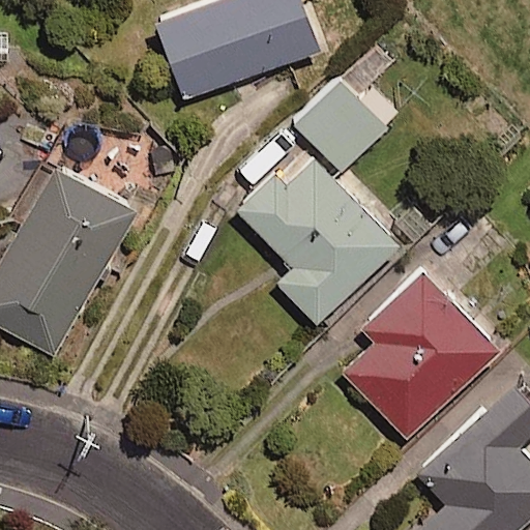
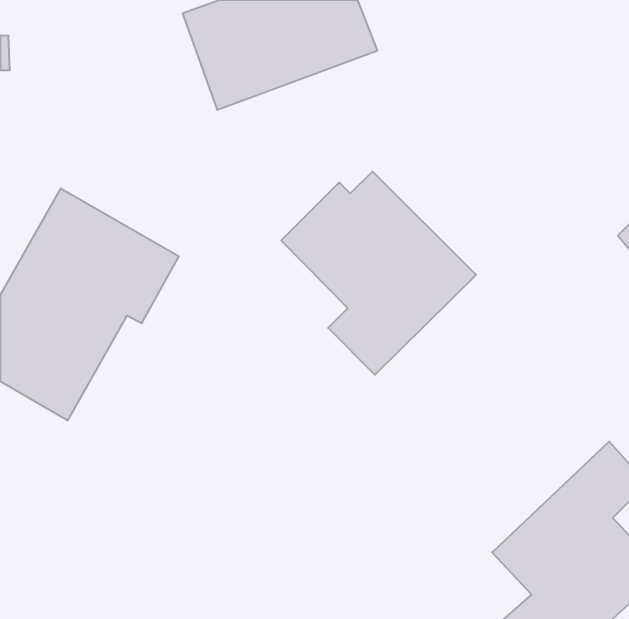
building: [295,78,399,173] -> none
building: [342,271,497,438] -> none

